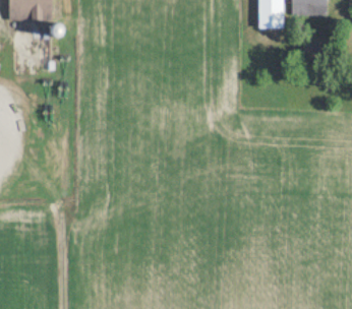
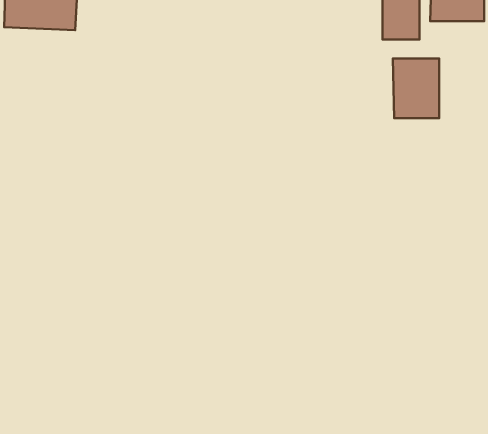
building: none -> [393,59,439,118]

